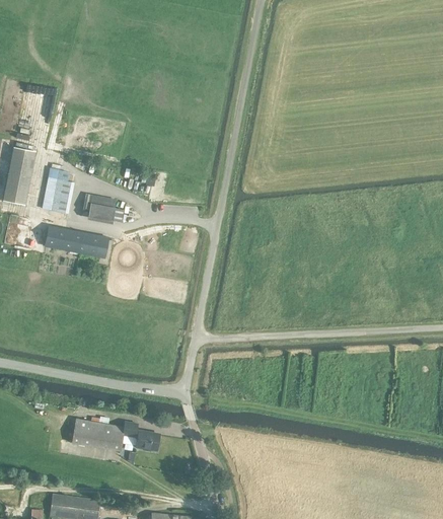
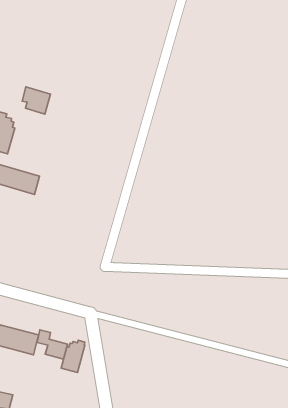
building: [82,193,116,223] -> [22,87,51,114]
building: none -> [61,340,85,373]

